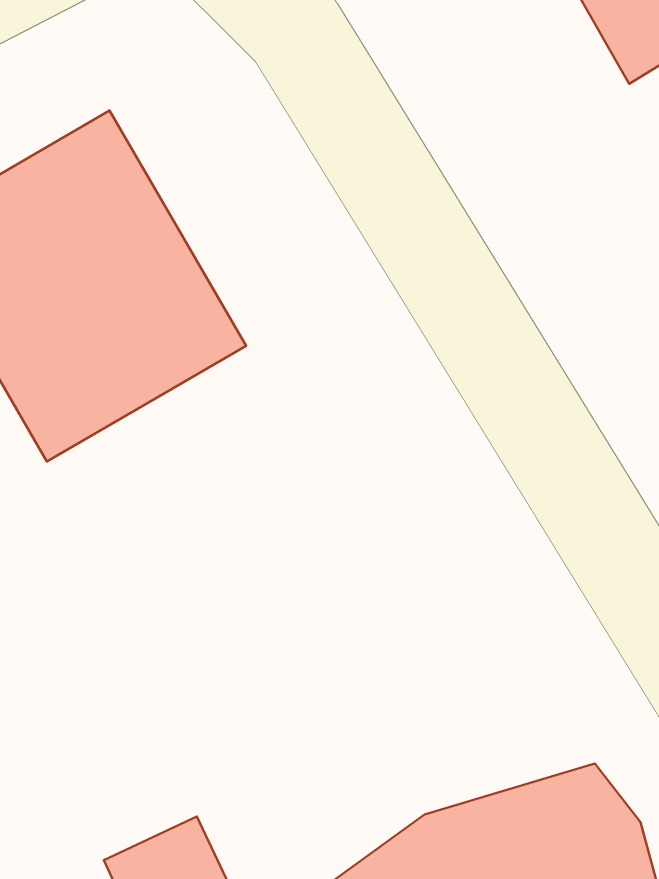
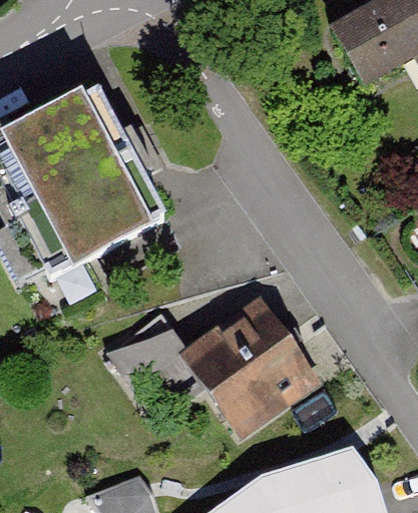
building: none -> [176,302,311,436]

